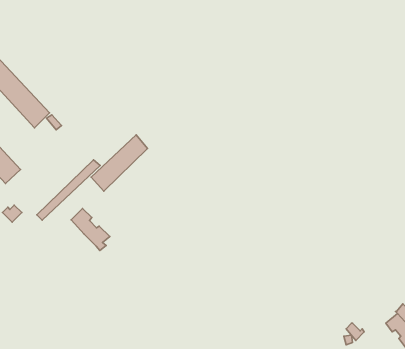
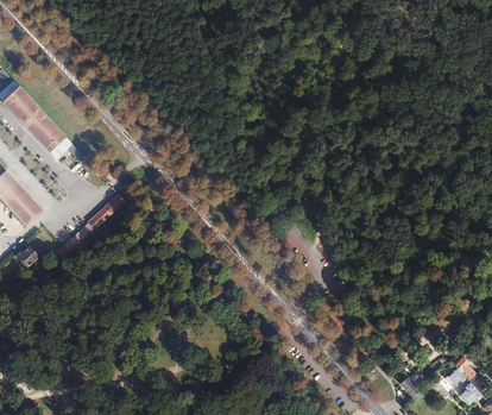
building: [91,135,148,191] -> none
building: [71,208,110,250] -> none

